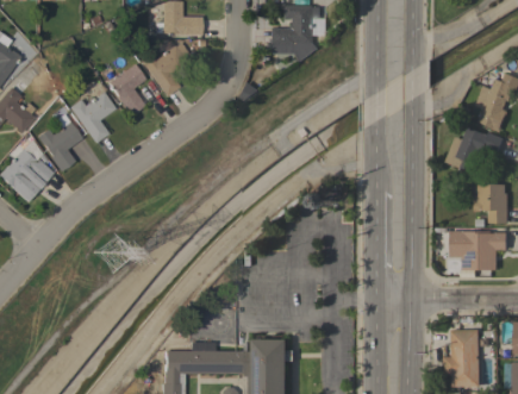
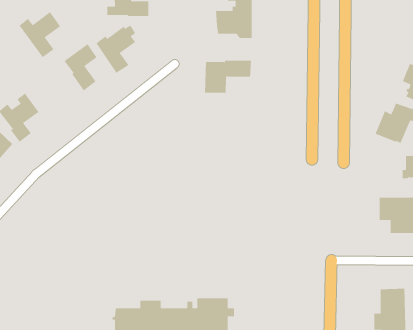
building: none -> [204,60,252,93]
building: [69,92,116,143] -> [18,11,61,58]

